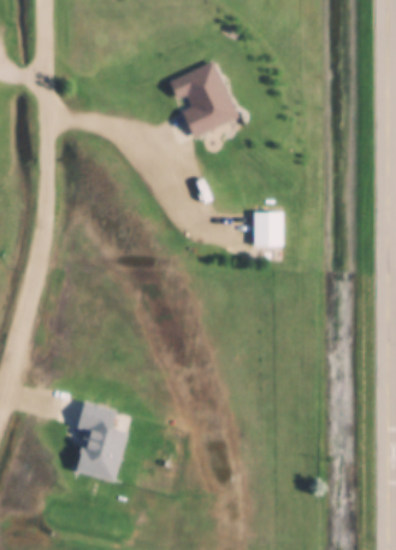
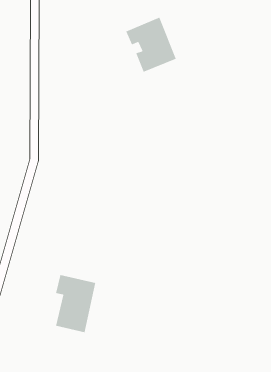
building: [253,211,283,246] -> none

